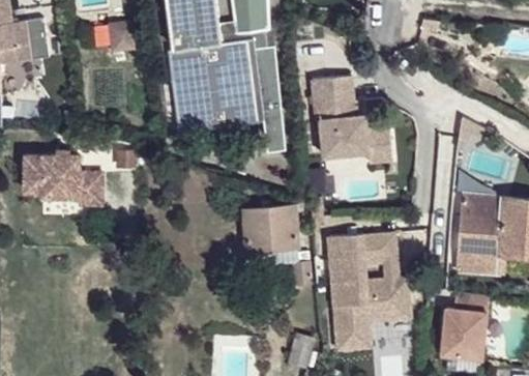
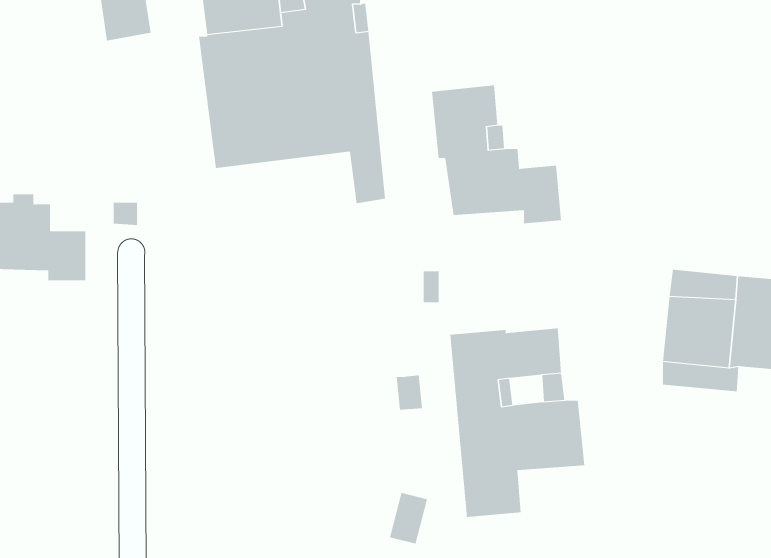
building: [243,204,294,263] -> none
building: [442,293,489,358] -> none

